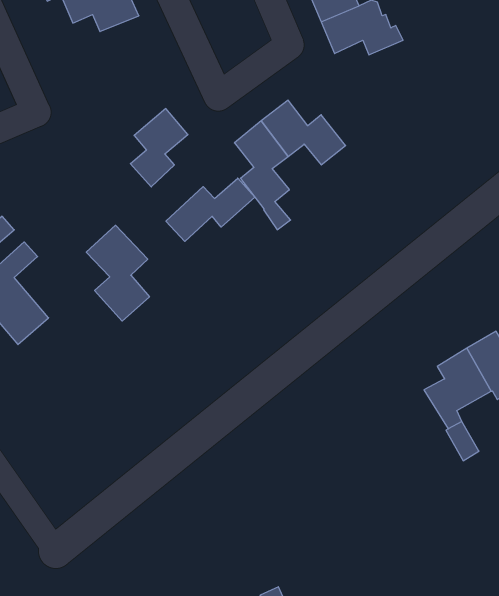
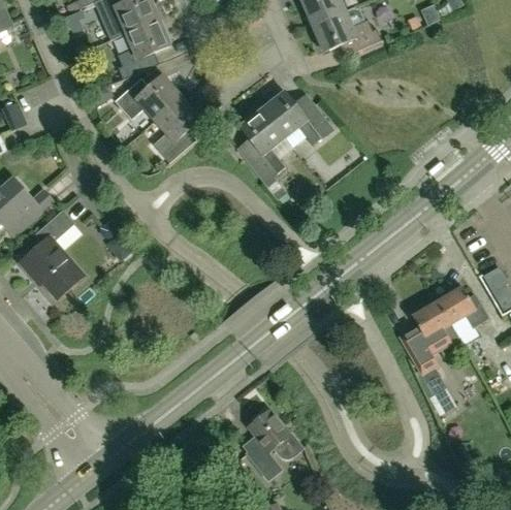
building: none -> [116,20,170,79]
building: none -> [115,76,182,121]
building: [166,178,255,241] -> none
building: [86,225,149,321] -> none
building: none -> [243,409,304,472]

